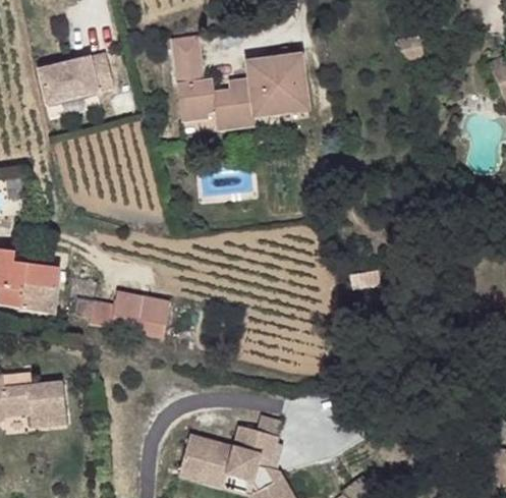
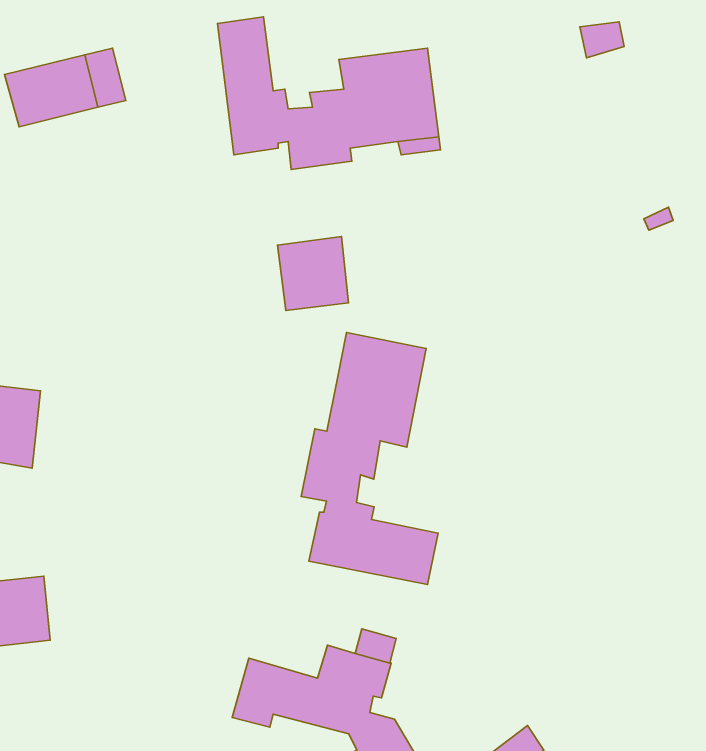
building: none -> [278,237,349,311]
building: none -> [301,333,438,584]
building: [73,291,170,338] -> none

